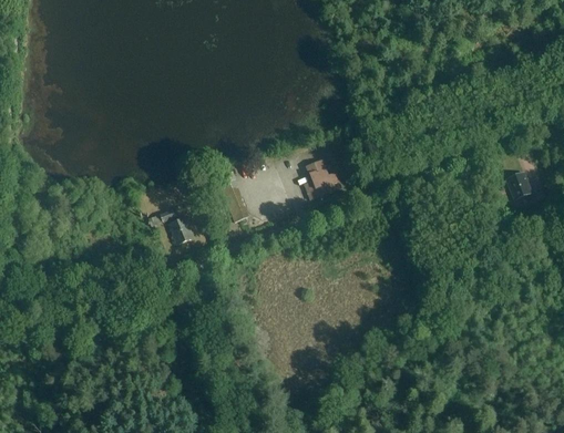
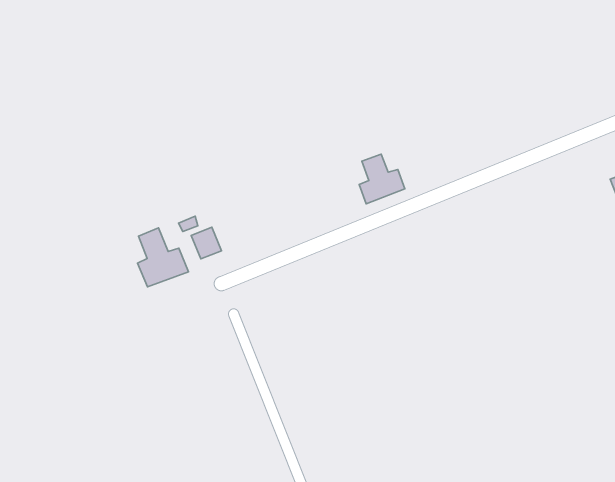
building: none -> [138,228,189,287]

